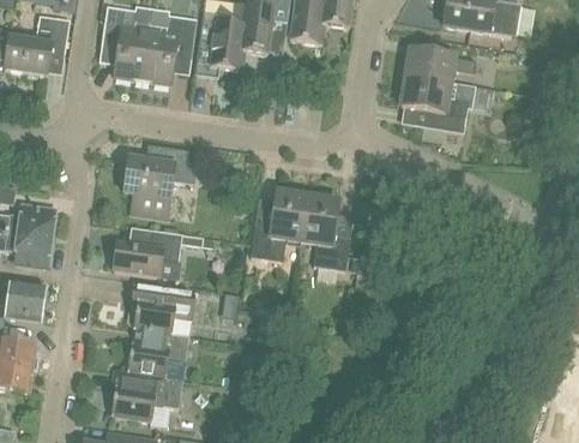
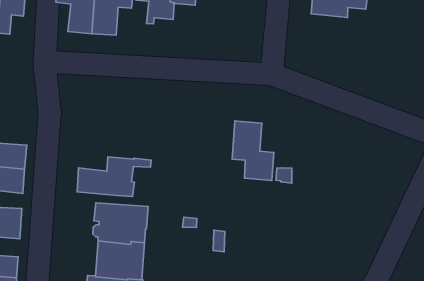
building: [399,73,475,132] -> none
building: [123,146,197,220] -> none
building: [251,187,306,261] -> none

